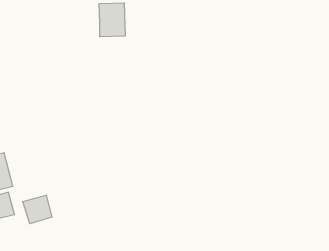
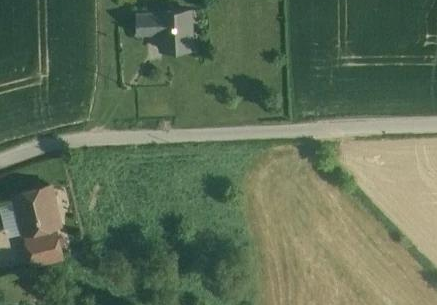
building: none -> [136,14,161,37]
building: [23,195,52,224] -> none

